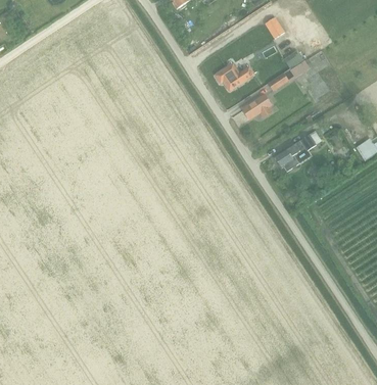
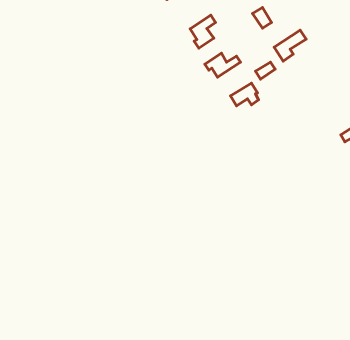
building: none -> [190,15,215,48]
building: [274,134,314,170] -> none

